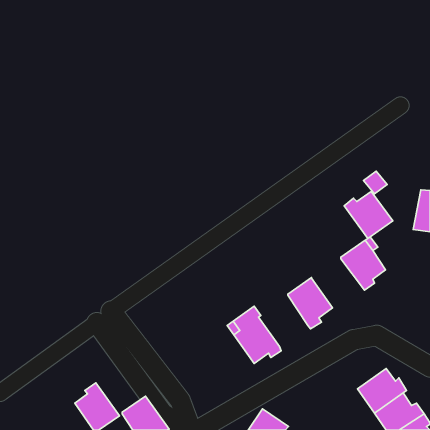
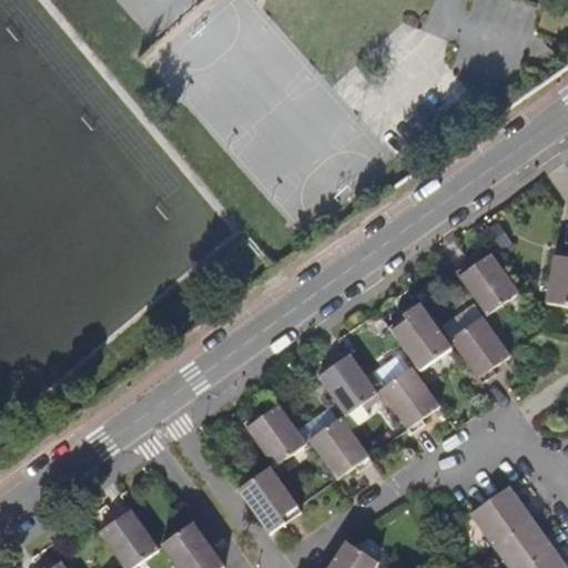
building: none -> [386,302,450,369]
building: none -> [316,347,375,415]
building: none -> [242,403,305,465]
building: none -> [239,468,300,532]

